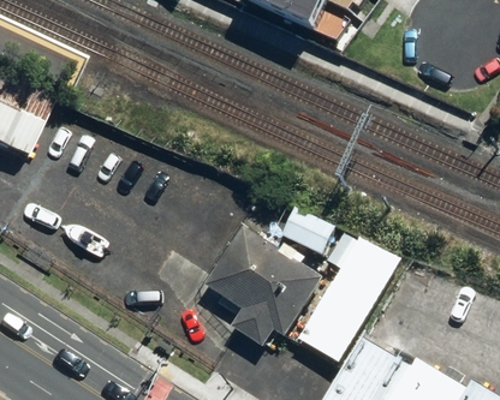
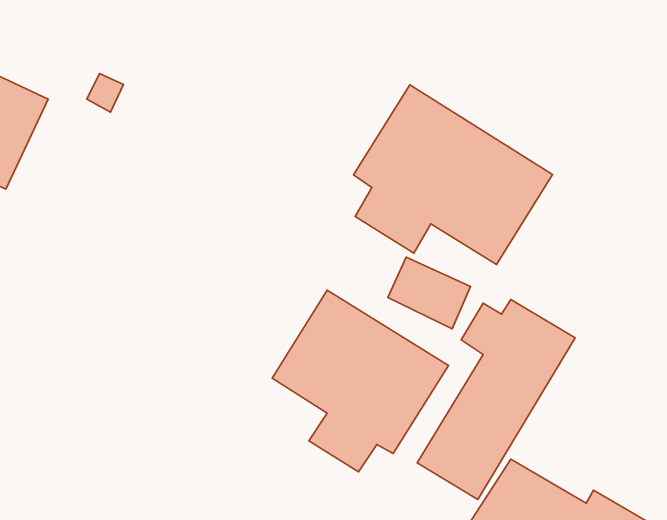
building: none -> [354,85,553,264]

